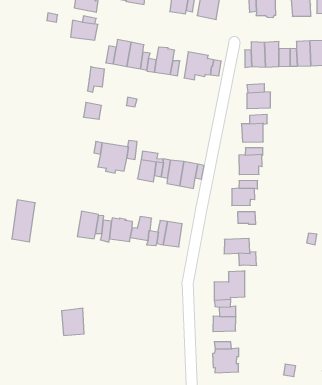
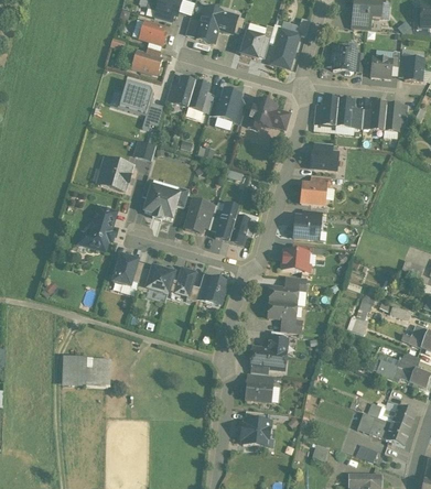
building: none -> [118,80,153,116]
building: none -> [100,156,132,191]
building: [12,200,35,242] -> [86,205,116,251]
building: none -> [269,287,297,306]
building: none -> [64,358,86,385]

